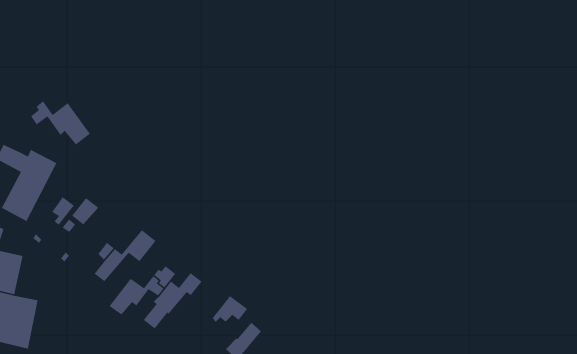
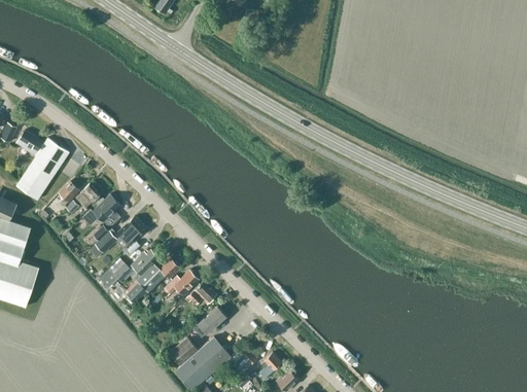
building: [30,100,91,146] -> none
building: none -> [92,193,120,227]
building: none -> [159,270,199,298]

